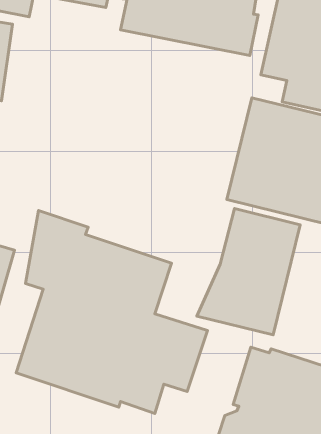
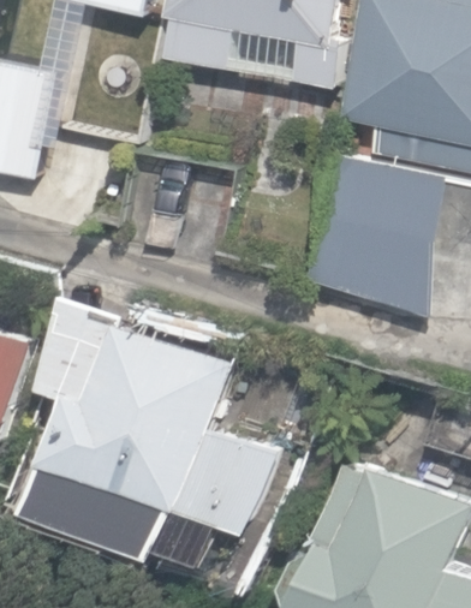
building: [197,208,300,335] -> none

